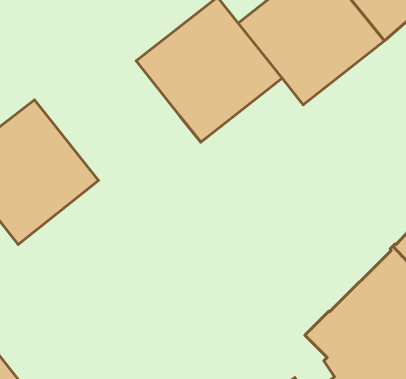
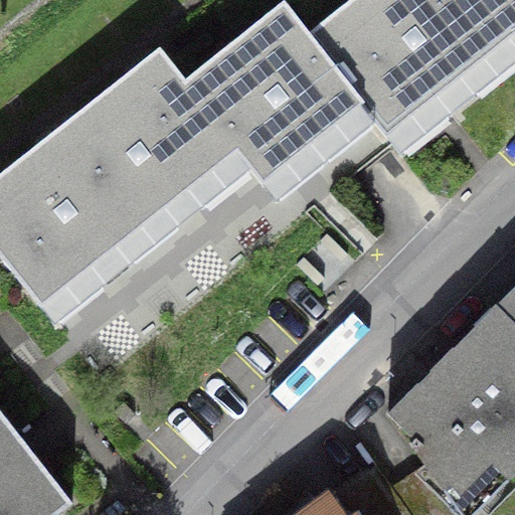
building: none -> [61,52,237,227]

